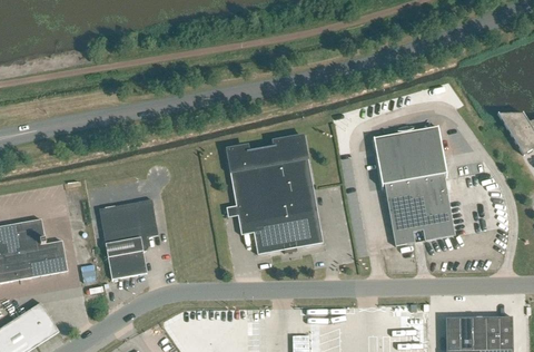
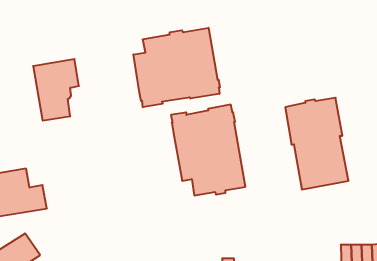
building: none -> [133,28,220,107]
building: [99,199,158,278] -> [33,59,79,121]

